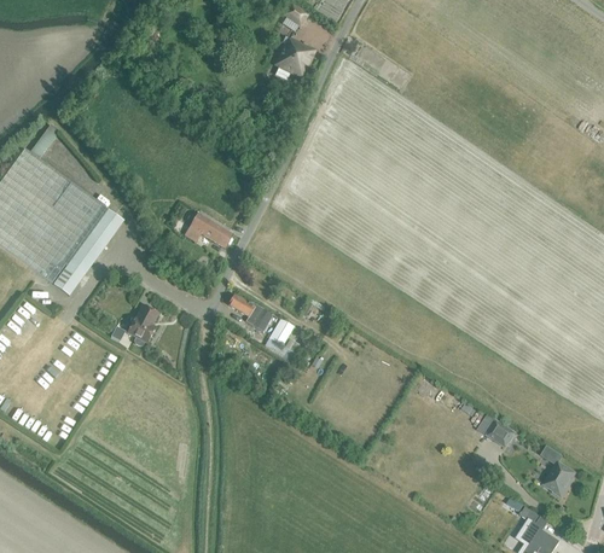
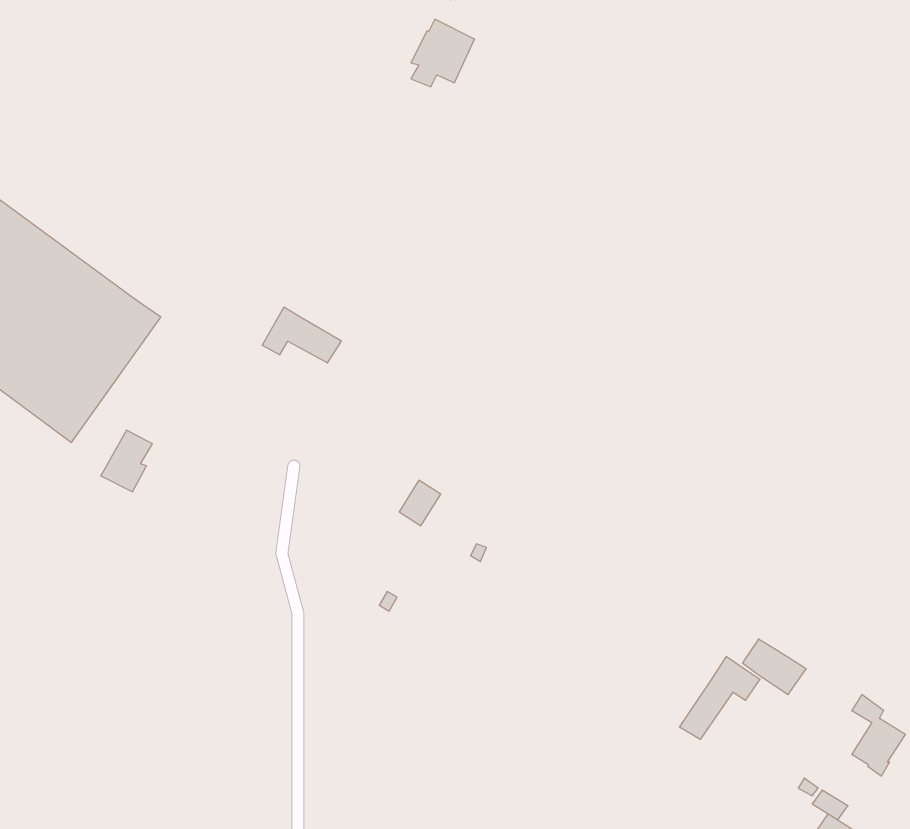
building: [226,293,272,331] -> none
building: [126,304,157,342] -> [101,430,152,492]
building: none -> [679,656,760,739]

